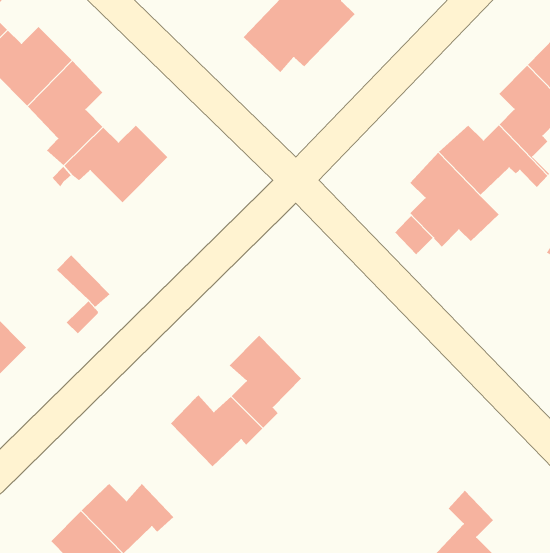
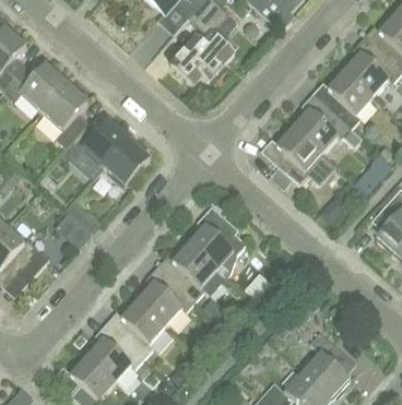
building: none -> [102,138,150,187]
building: none -> [189,224,246,276]
building: none -> [120,299,165,356]

